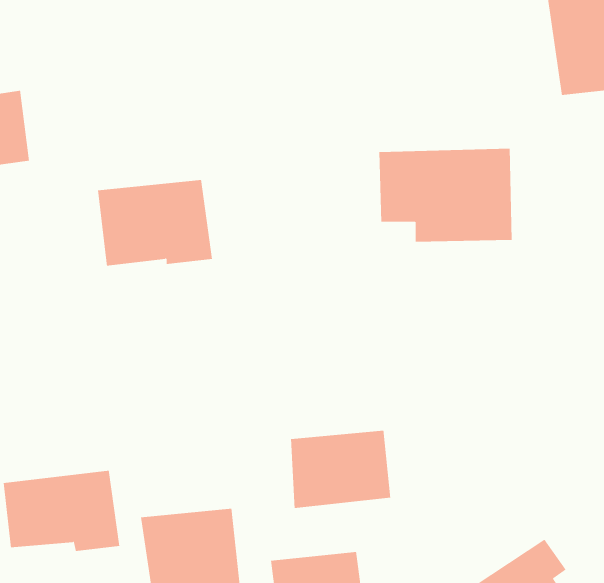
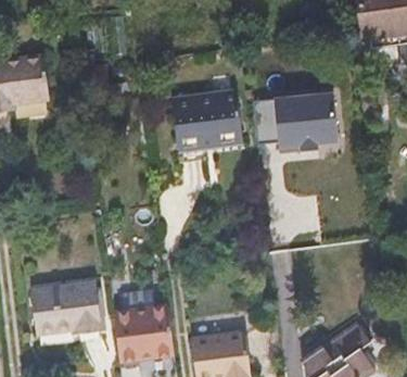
building: [97,179,213,266] -> [168,92,238,144]
building: [291,430,391,509] -> none

